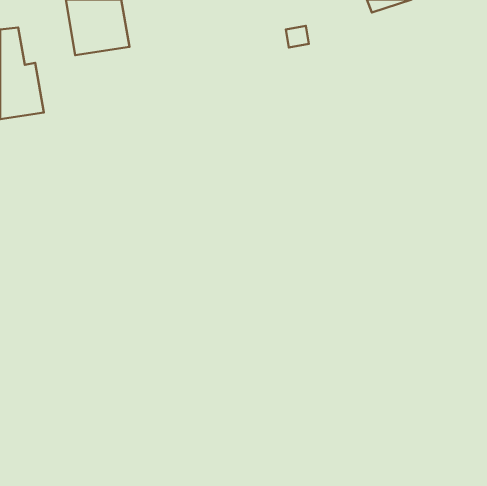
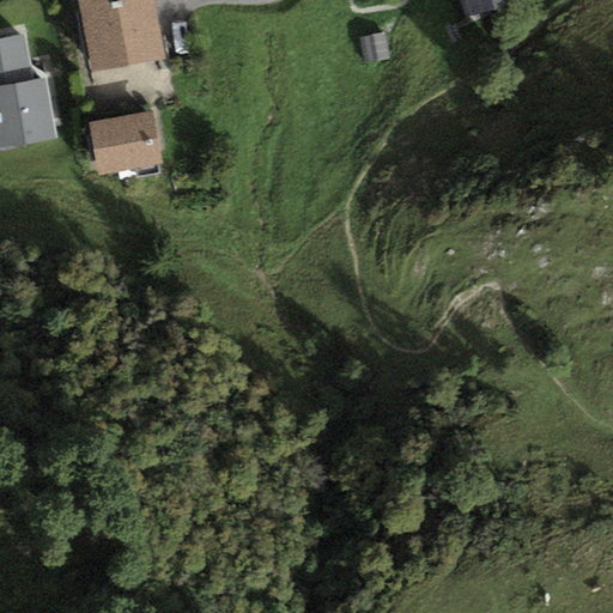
building: none -> [87,109,163,176]

